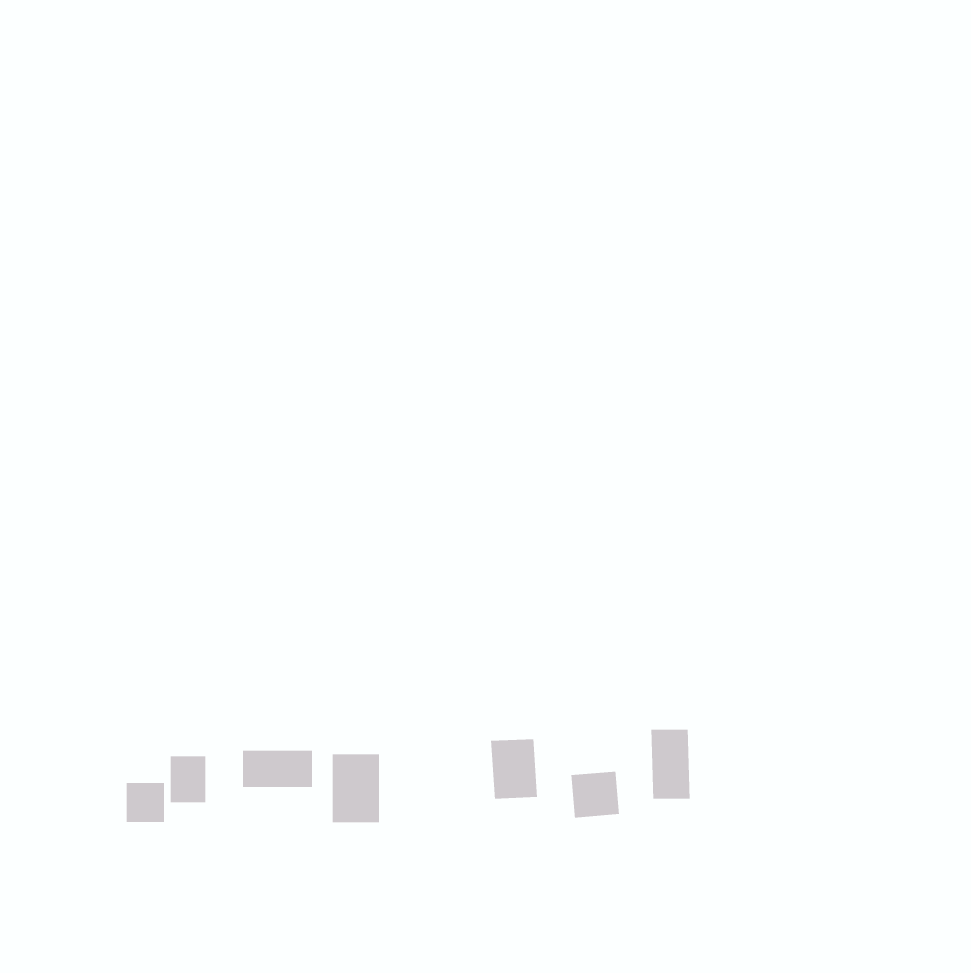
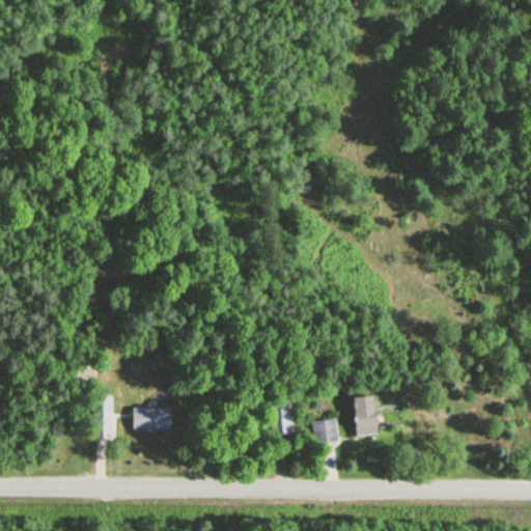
building: [332,753,380,823] -> none
building: [126,782,165,823] -> none

